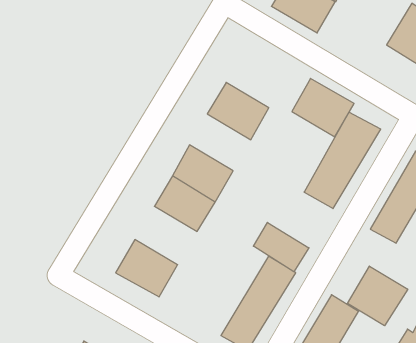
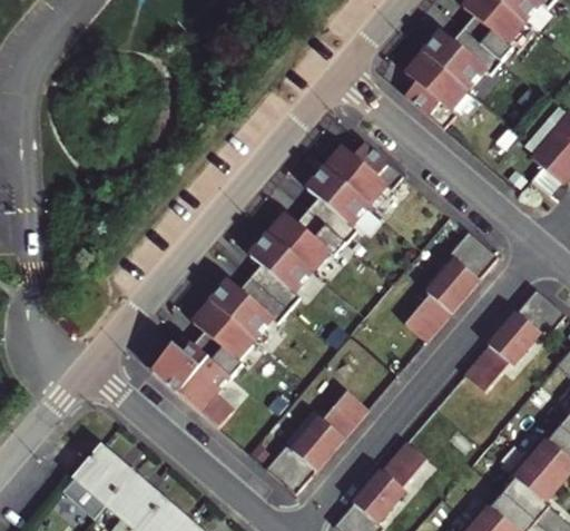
building: [292,78,354,137] -> [324,131,400,206]
building: none -> [267,200,342,274]
building: none -> [183,299,258,374]
building: [253,222,309,272] -> none
building: [347,266,408,326] -> none

